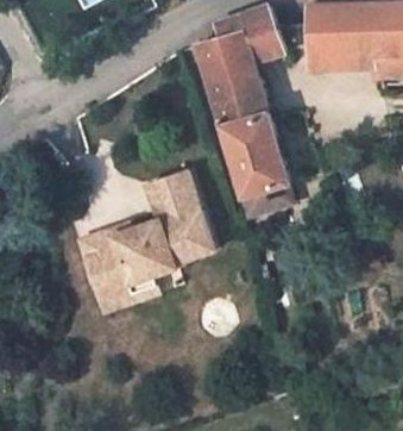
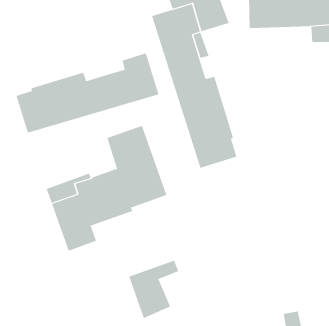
building: none -> [16,52,159,134]
building: none -> [128,260,179,319]

